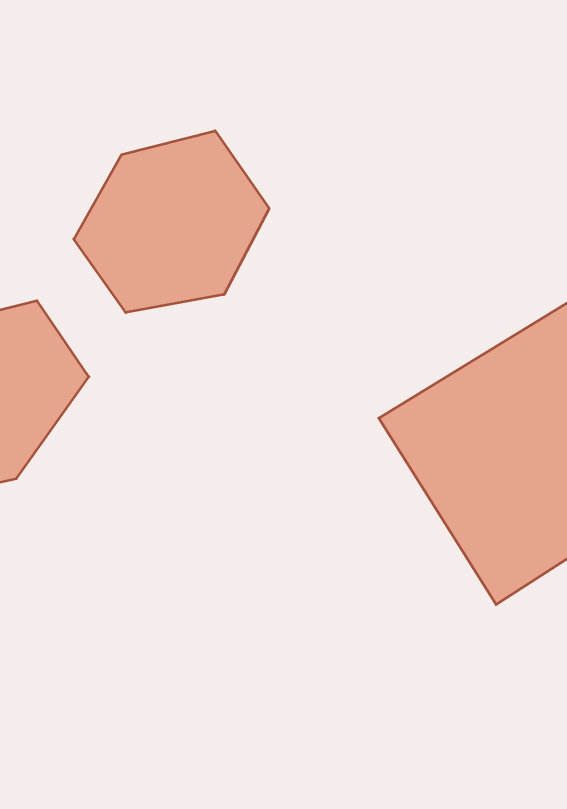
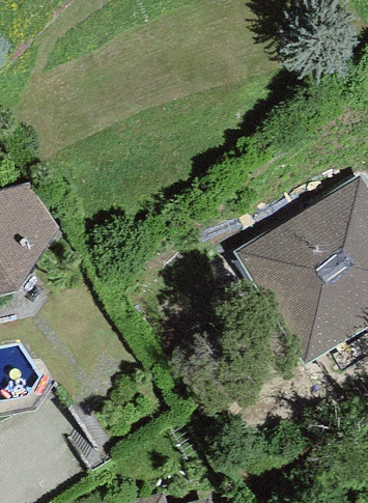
building: [74,131,269,313] -> none

